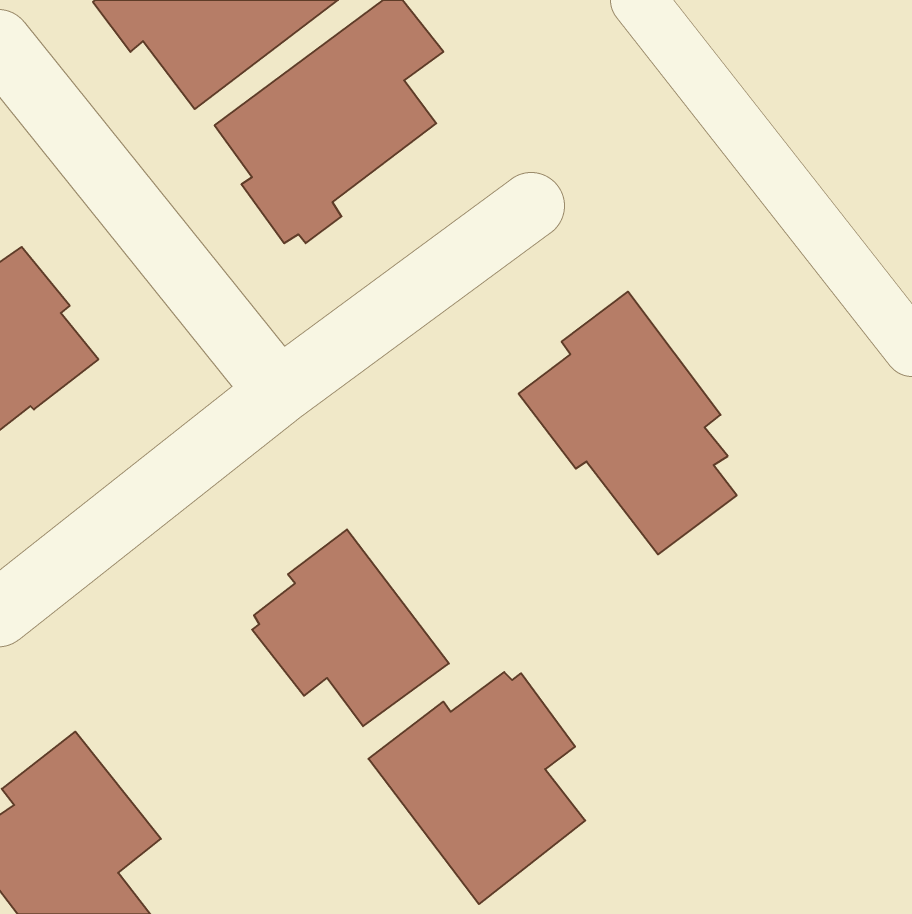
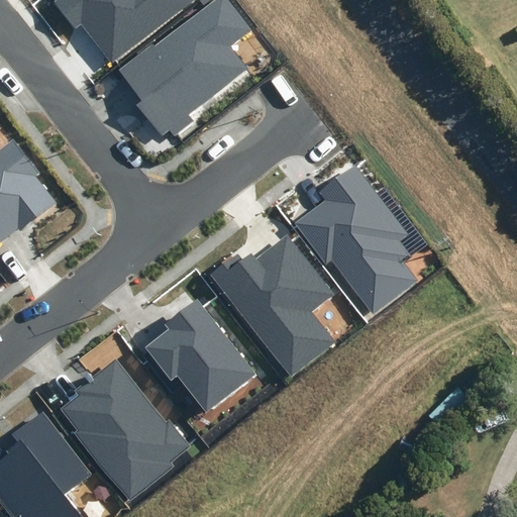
building: none -> [211,234,335,376]
building: none -> [62,358,191,502]
building: [368,672,585,904] -> none

